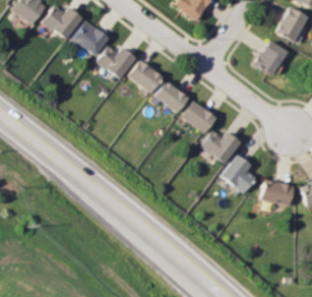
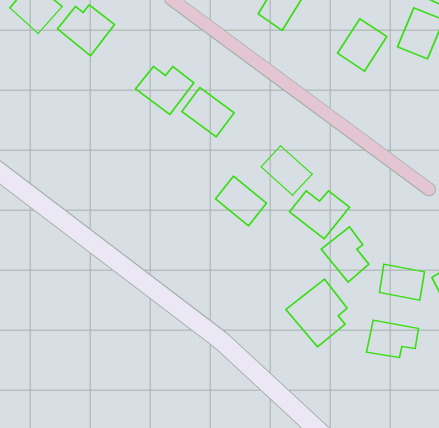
building: [73,20,109,55] -> none
building: [254,41,288,76] -> [338,19,387,71]
building: [154,80,189,114] -> [215,176,266,226]
building: none -> [286,279,347,347]
building: none -> [366,320,419,358]

